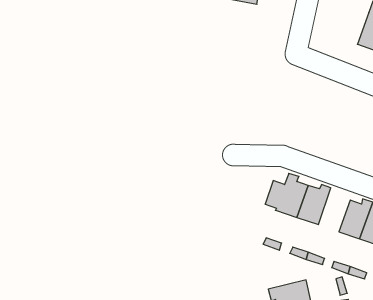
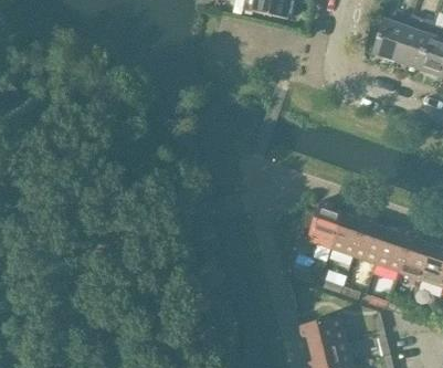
building: none -> [372,20,408,62]
building: none -> [354,217,388,264]

